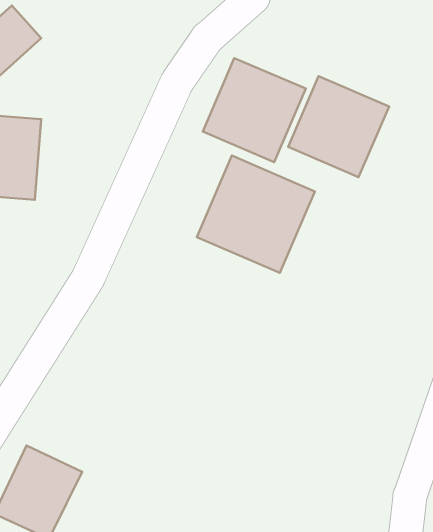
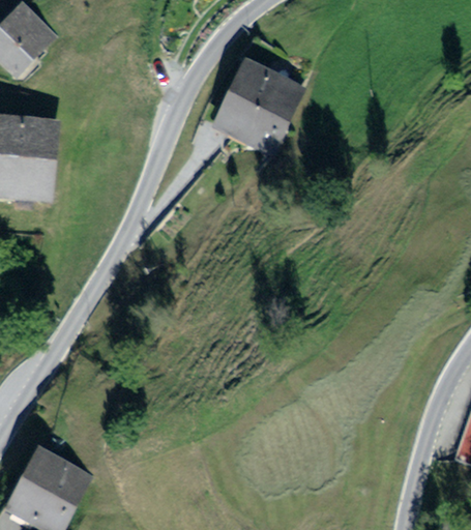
building: [288,76,389,177] -> none
building: [197,156,315,273] -> none

